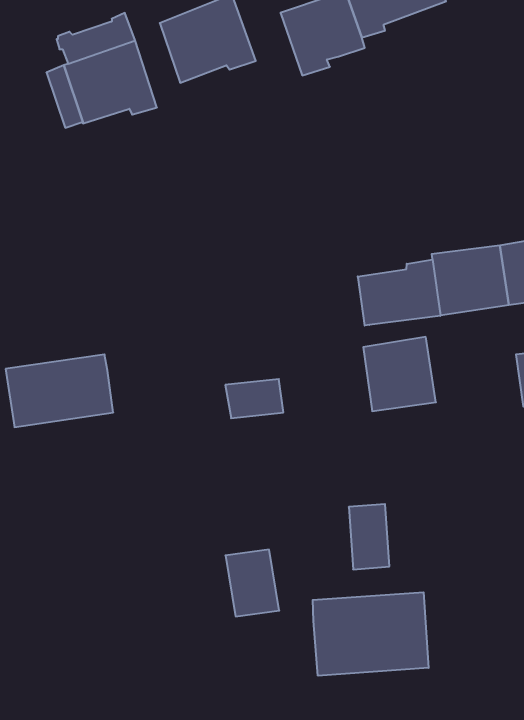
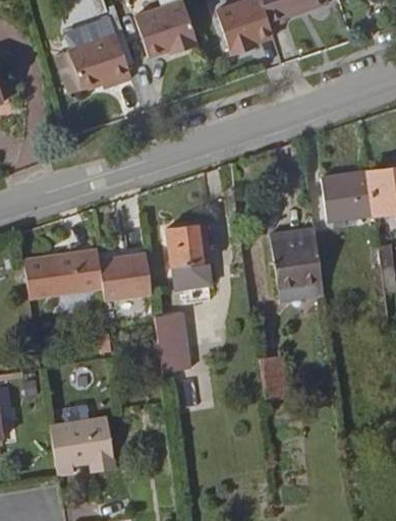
building: [358,259,440,326] -> none
building: none -> [171,223,215,271]
building: none -> [95,252,154,300]
building: [225,550,279,616] -> [157,319,194,365]
building: none -> [50,415,113,470]
building: [313,592,429,676] -> none

